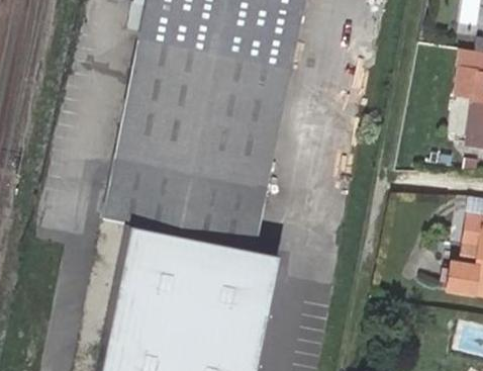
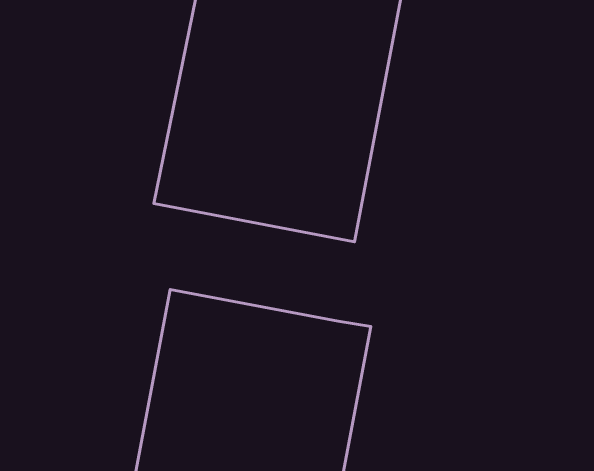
building: [106,154,267,241] -> none

